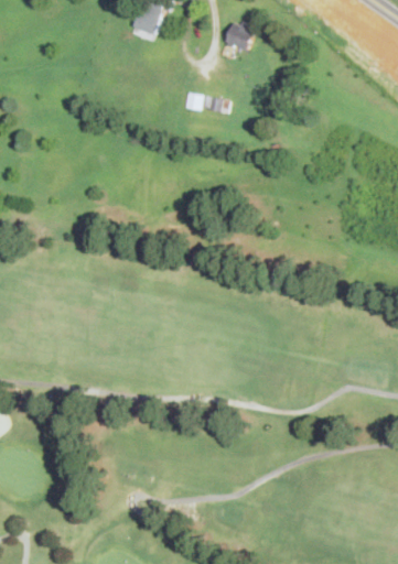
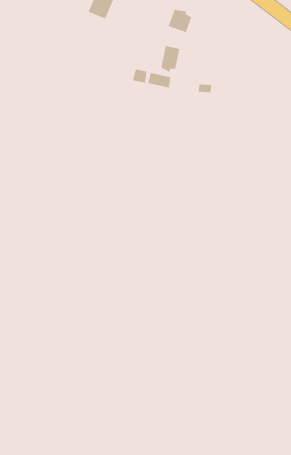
building: none -> [161,45,180,73]

